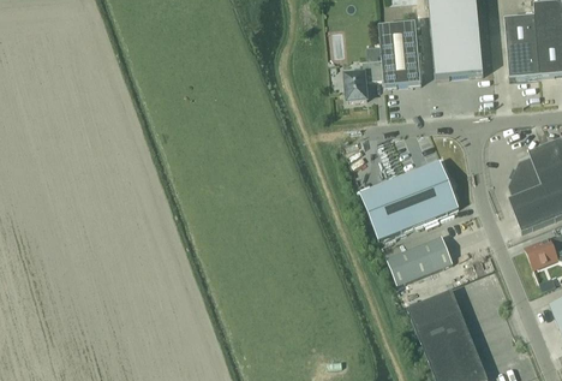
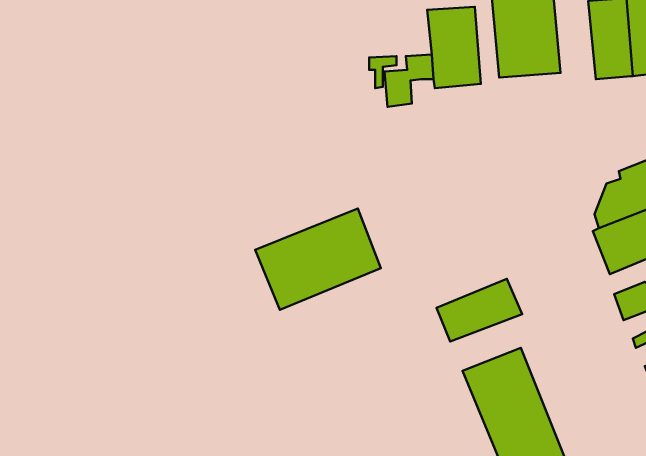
building: [359,159,458,238] -> [255,208,381,310]

